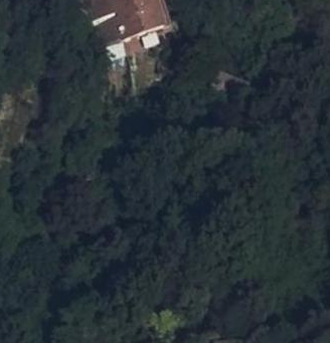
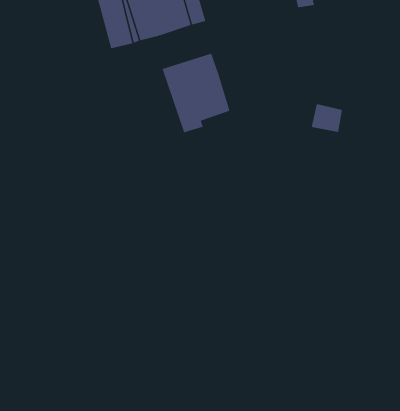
building: none -> [162,53,230,133]

